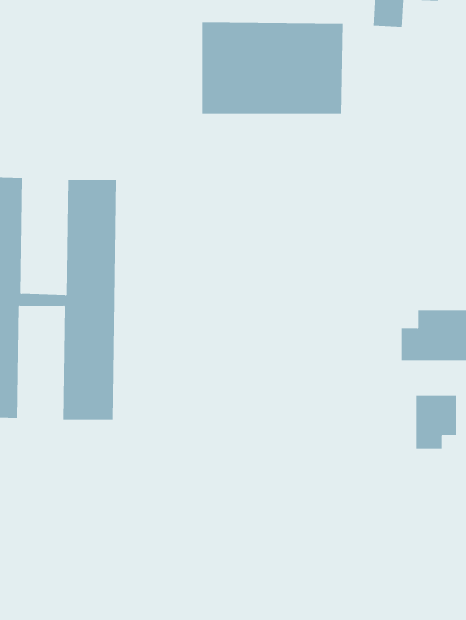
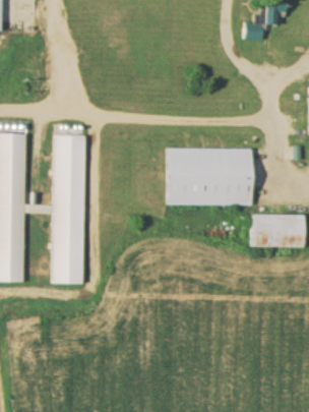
building: [202,22,344,114] -> [163,148,250,204]
building: [416,395,457,450] -> none

